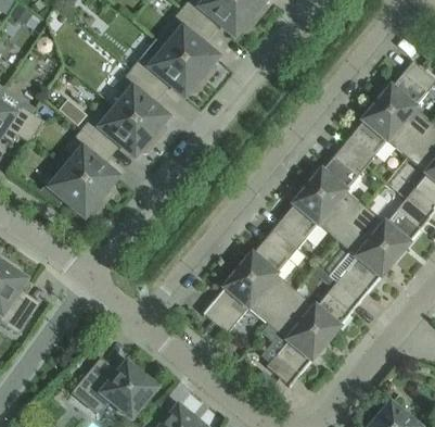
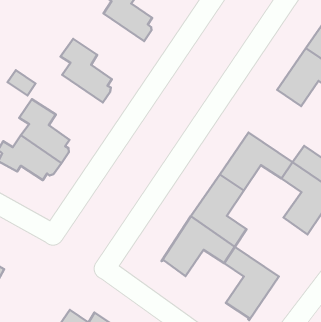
building: [131,38,206,96] -> none
building: [81,106,156,155] -> none
building: [307,145,366,223] -> none
building: [281,280,359,342] -> none

